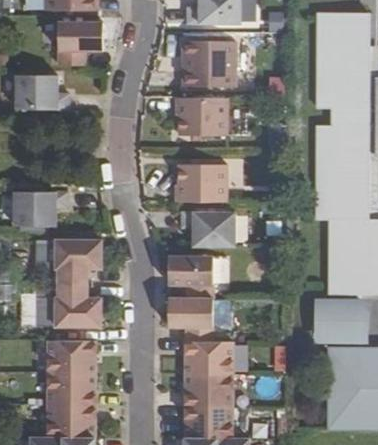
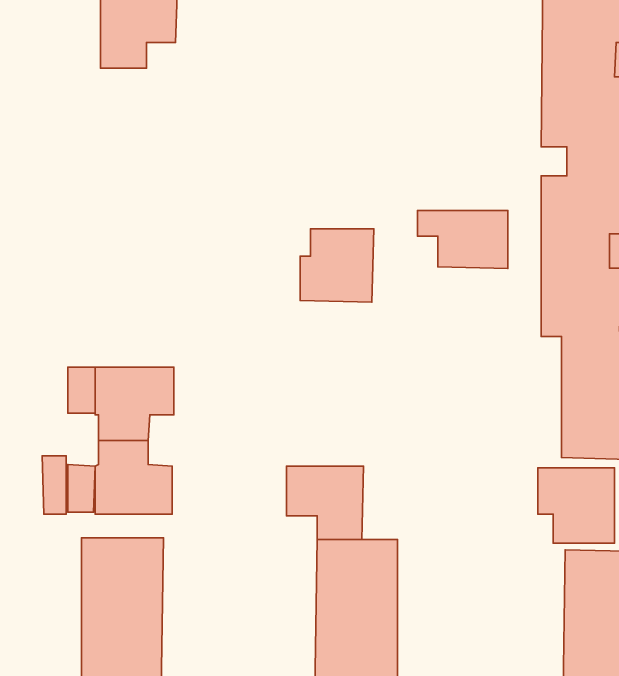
building: [183,42,235,87] -> none
building: [16,75,69,110] -> none
building: [176,98,219,140] -> none
building: [13,193,67,227] -> none
building: [177,213,230,247] -> [417,210,508,268]
building: [168,256,213,299] -> none

